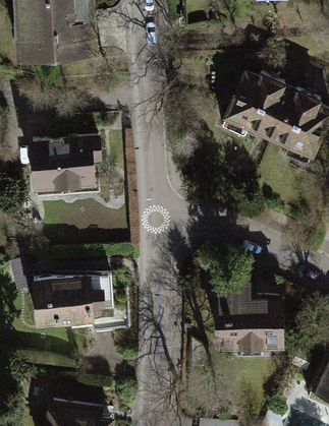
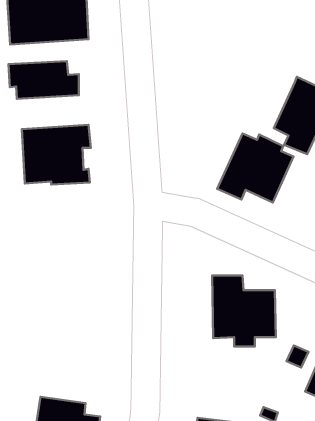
building: [223,72,297,139] -> [217,134,294,203]
building: none -> [9,61,79,99]
building: [32,275,111,322] -> none

